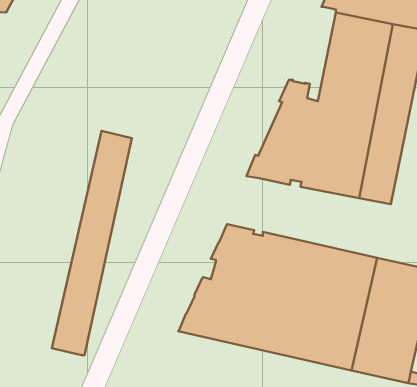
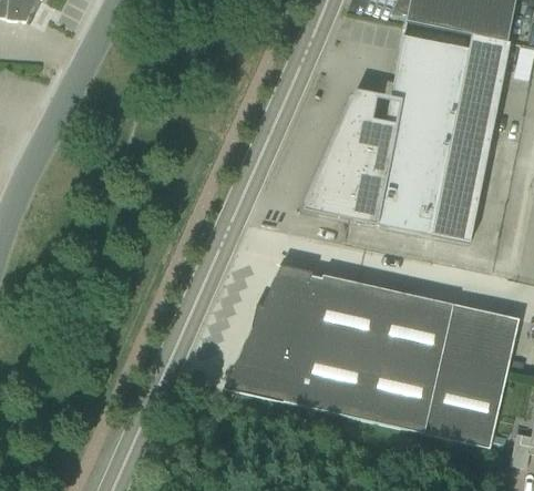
building: [52,131,132,355] -> none

